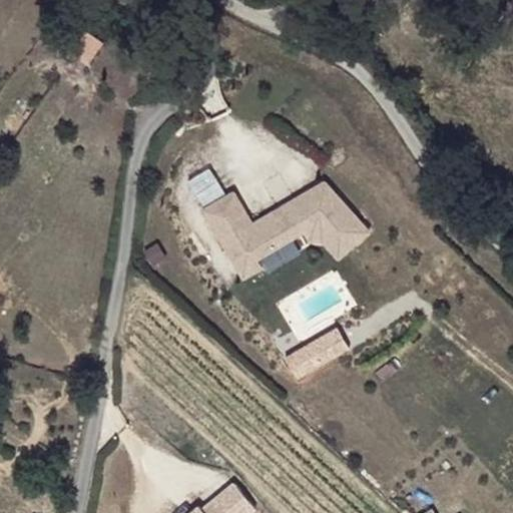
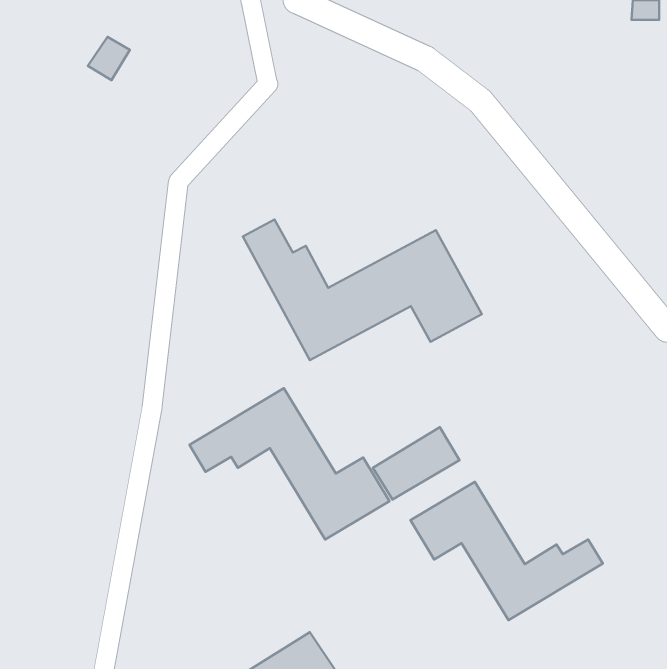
building: none -> [189,388,390,539]
building: none -> [410,482,603,620]

